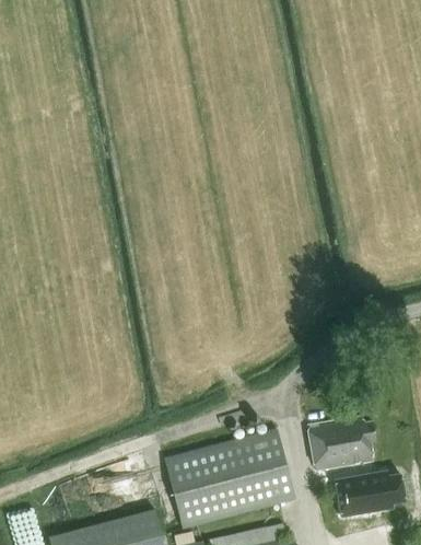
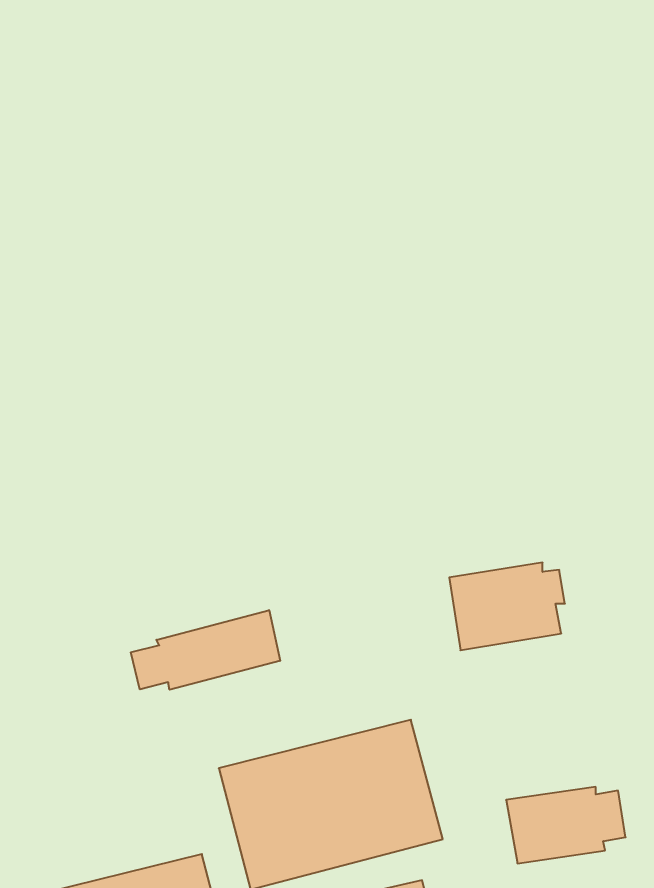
building: none -> [131,610,280,690]
building: [308,419,376,471] -> [449,563,565,650]

